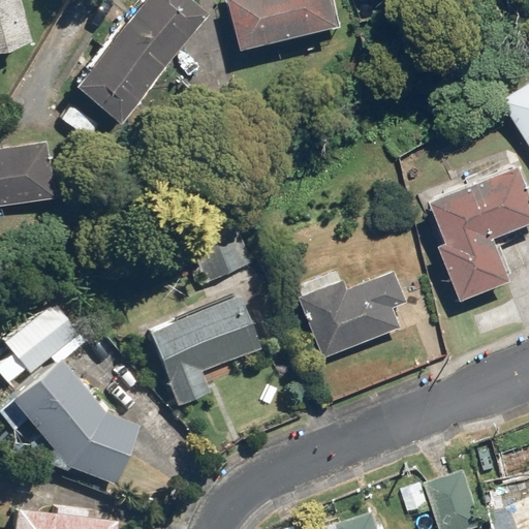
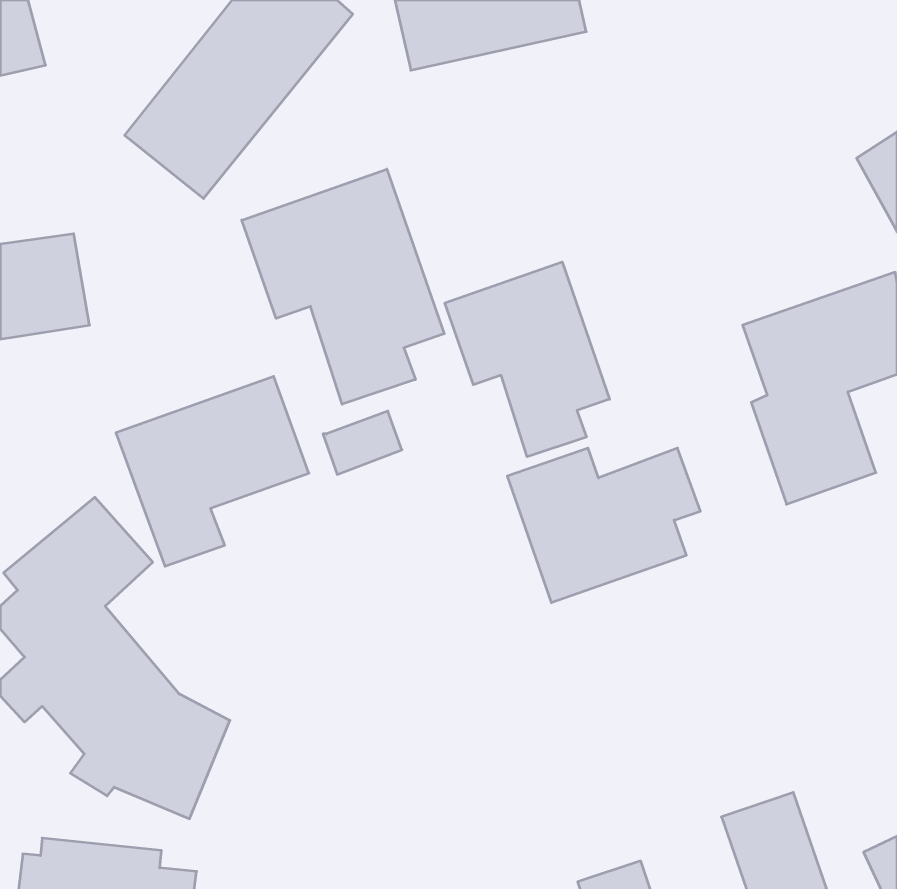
building: none -> [242,169,444,404]
building: none -> [445,262,610,457]
building: [146,294,259,406] -> [116,376,309,566]

